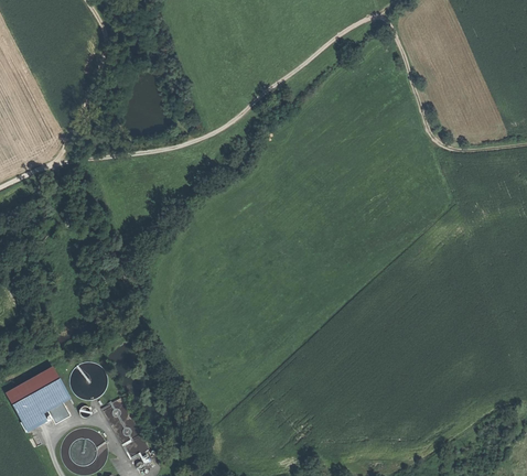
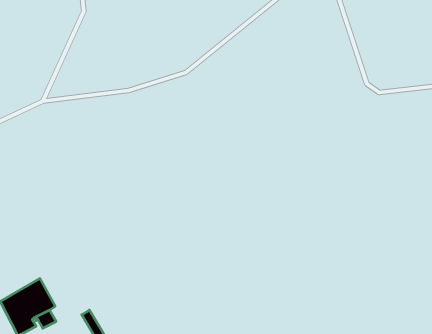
building: [72,360,108,397] -> none

